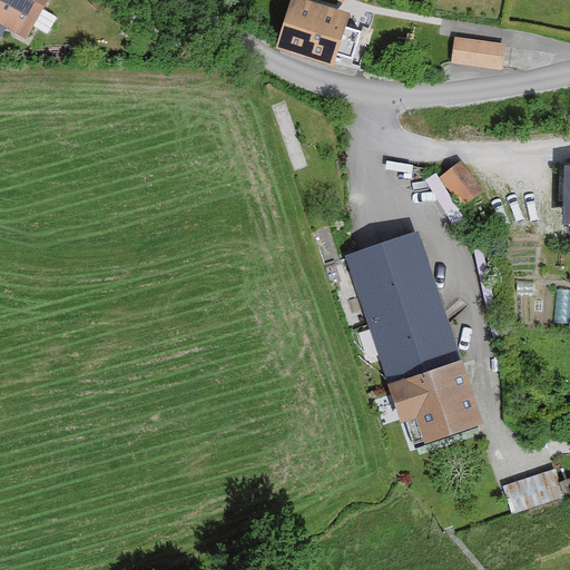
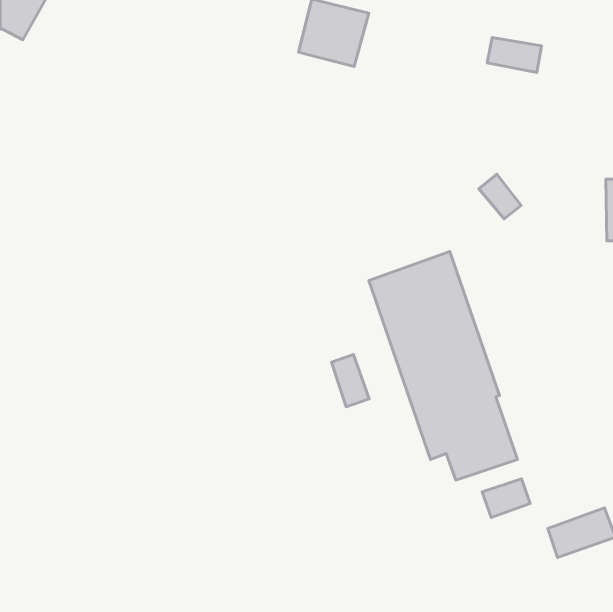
building: none -> [331,355,369,407]
building: none -> [482,479,530,518]

